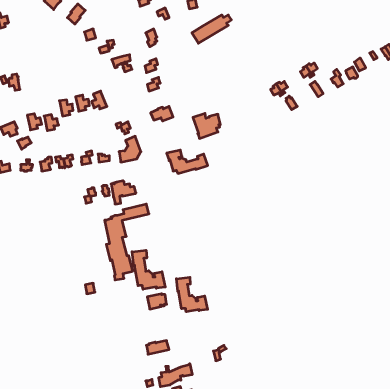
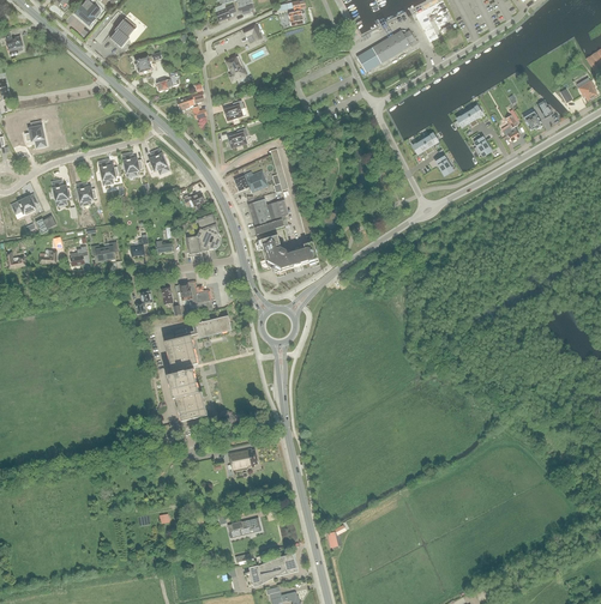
building: [192,15,231,43] -> [356,30,415,72]
building: [193,113,220,138] -> [247,198,288,235]
building: [132,250,165,289] -> none
building: [176,277,208,312] -> none

